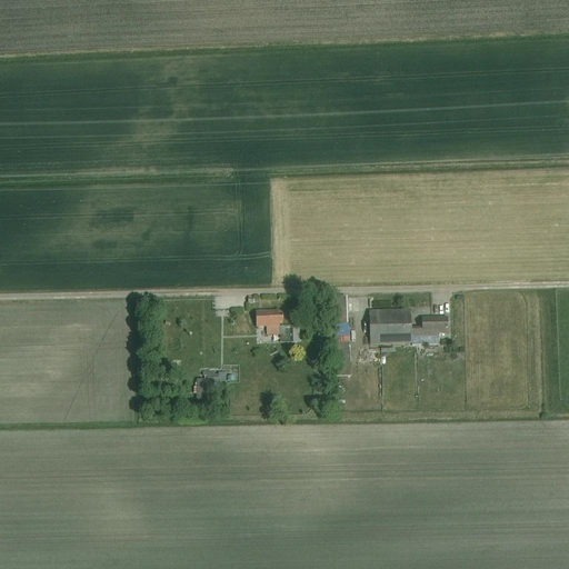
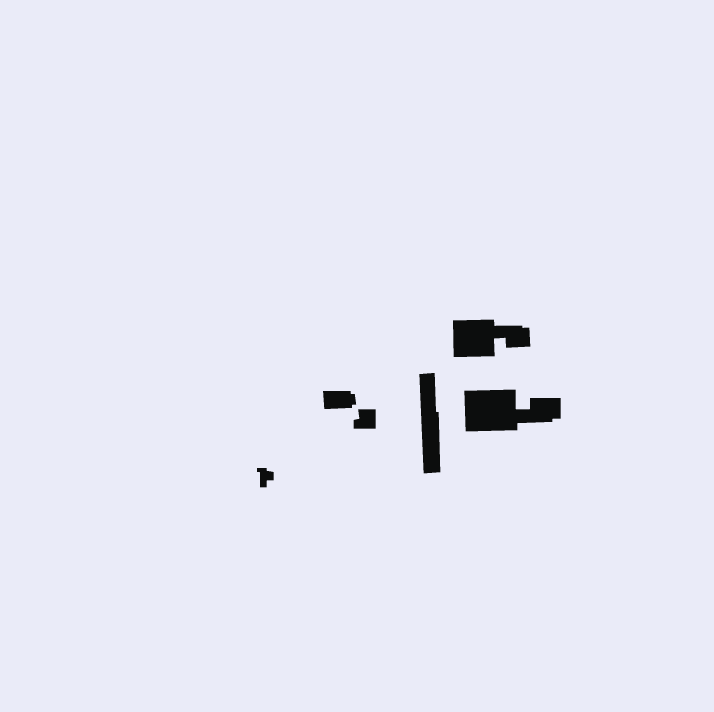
building: none -> [452,319,531,358]

